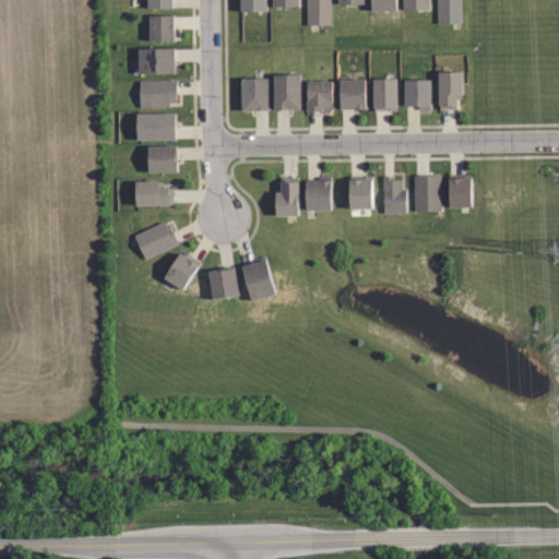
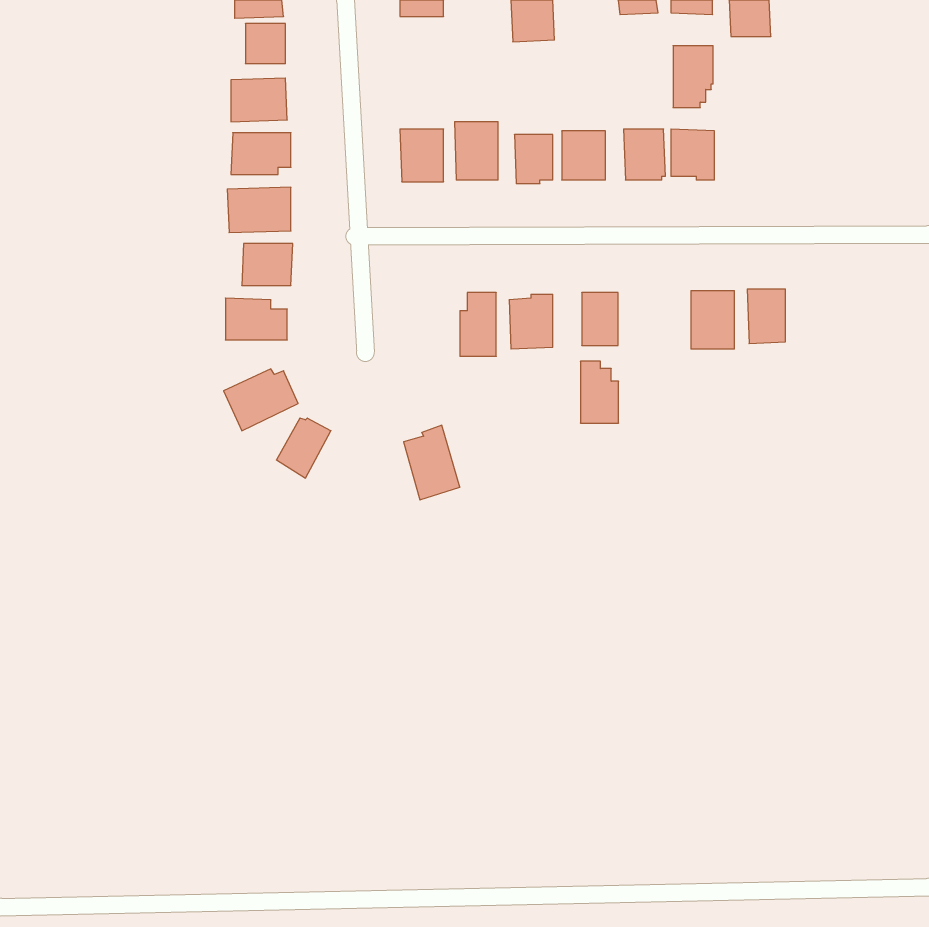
building: [440,72,464,109] -> [673,46,713,108]
building: [383,176,406,213] -> [580,361,619,423]
building: [209,267,239,299] -> none

